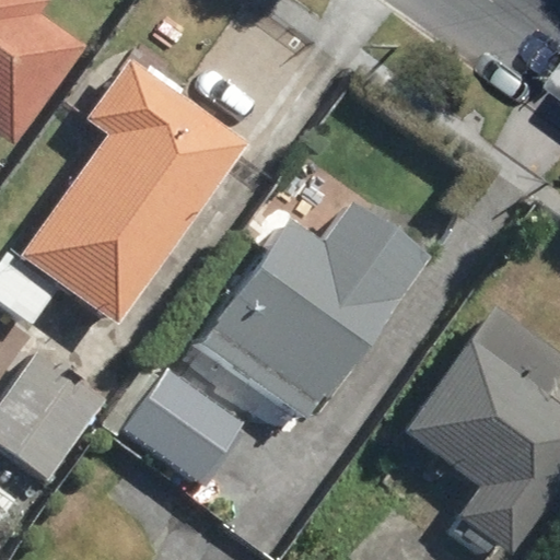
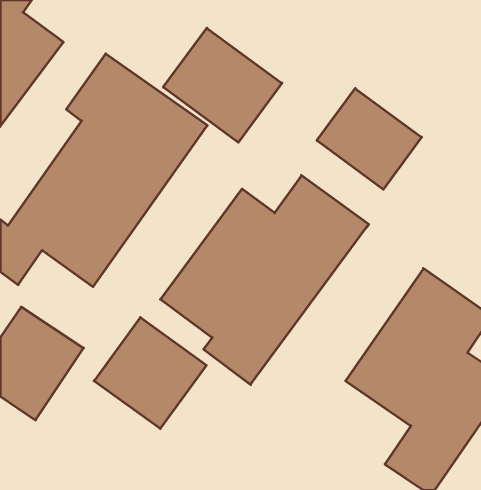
building: none -> [163,28,282,142]
building: none -> [317,88,422,189]

